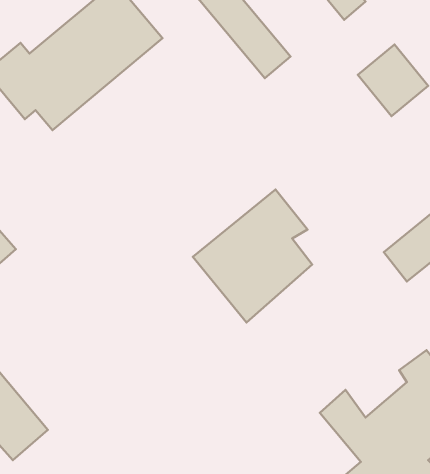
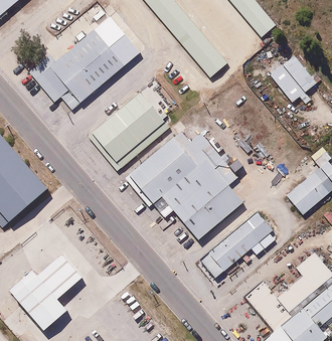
building: none -> [88,92,169,170]
building: none -> [124,131,216,206]
building: none -> [201,213,271,276]
building: none -> [39,255,82,298]

